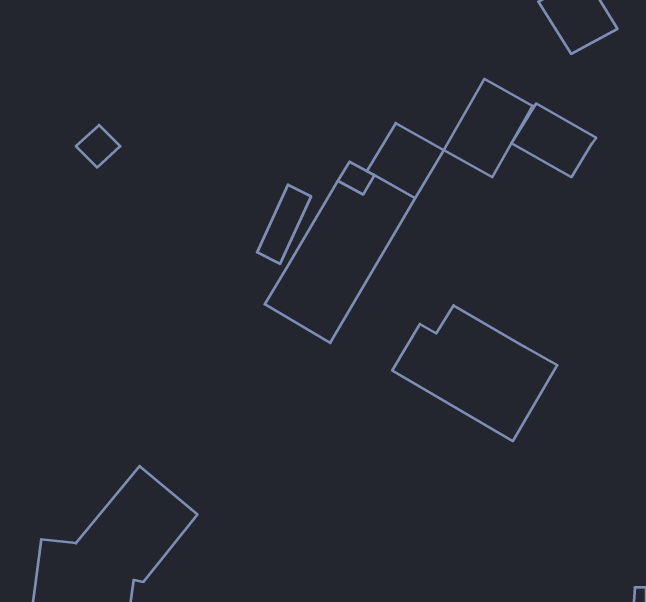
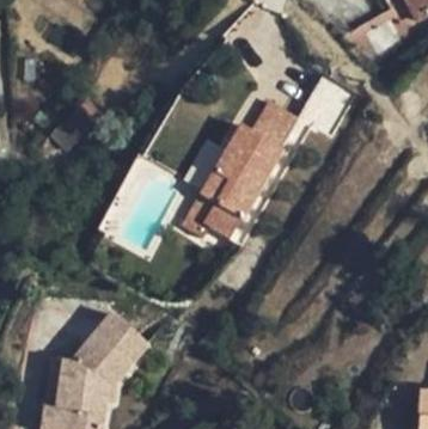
building: [511,104,596,177] -> none
building: [392,305,557,441] -> none

